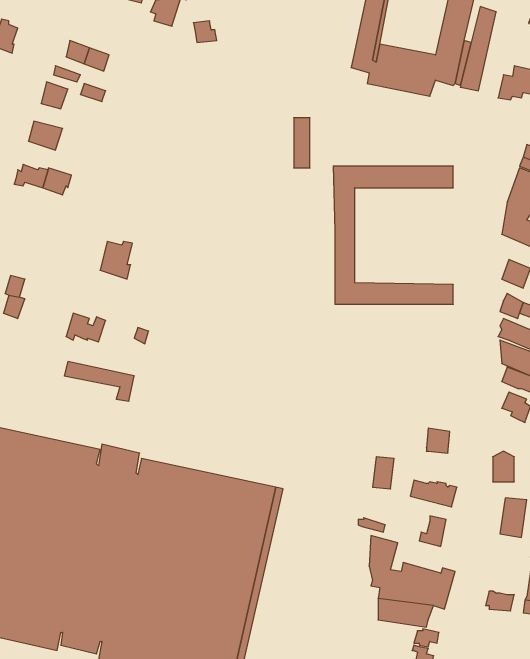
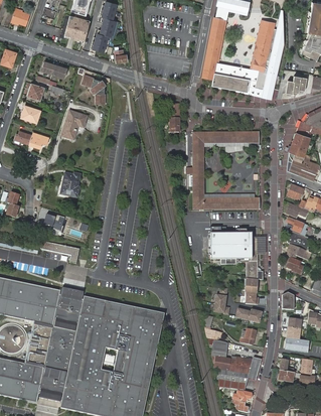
building: none -> [81,76,105,104]
building: none -> [63,110,87,139]
building: none -> [211,233,258,263]

